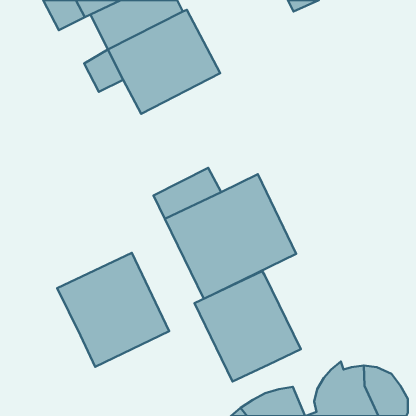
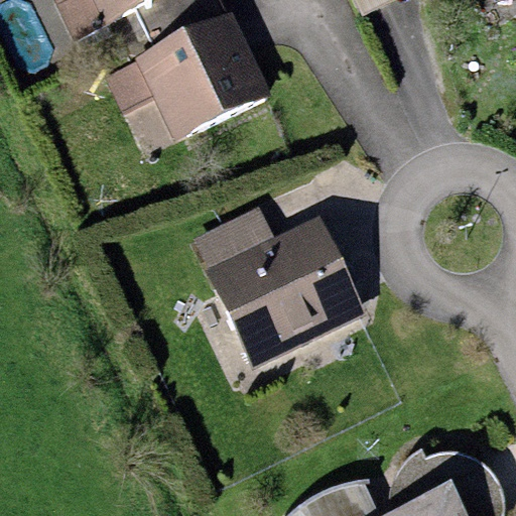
building: [57,253,169,367] -> none
building: [195,271,301,382] -> none

